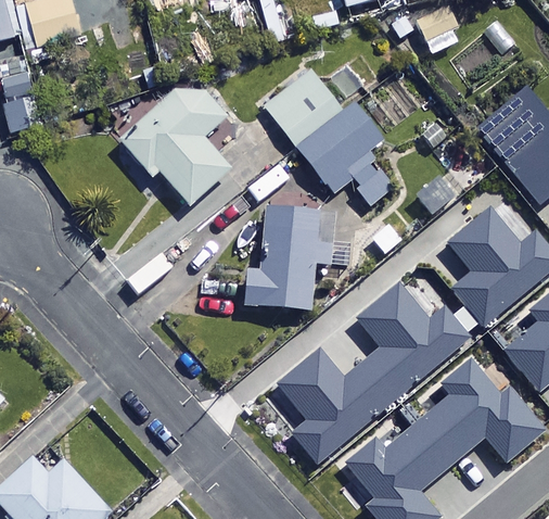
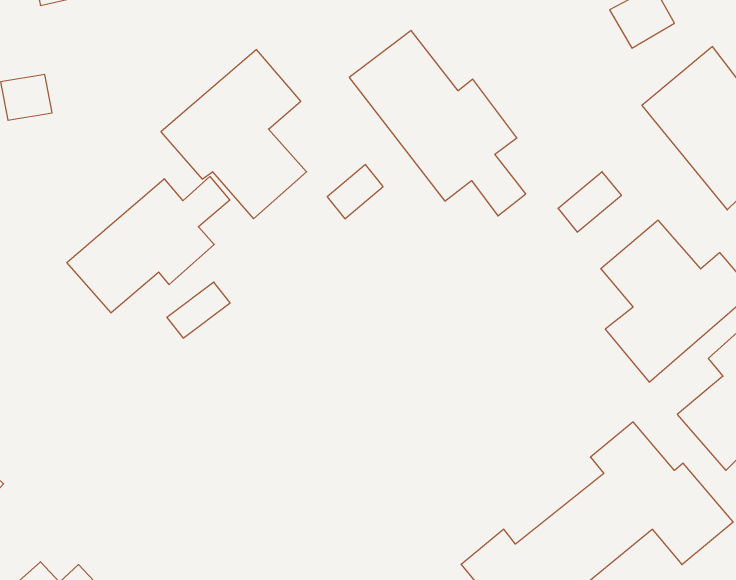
building: none -> [67,177,230,313]
building: [246,210,350,311] -> none
building: [276,281,472,464] -> none

